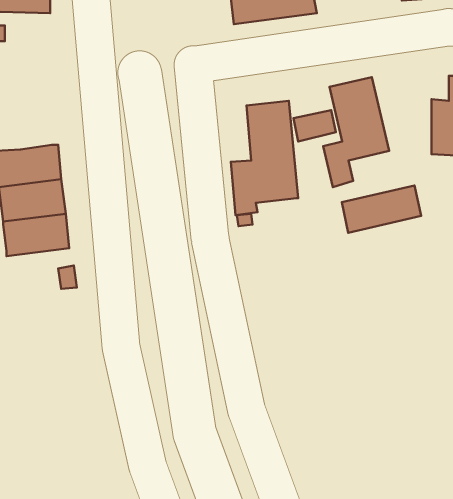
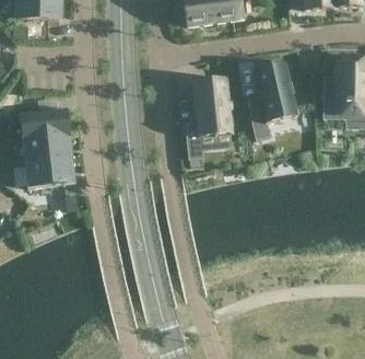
building: [342,186,421,233] -> none

